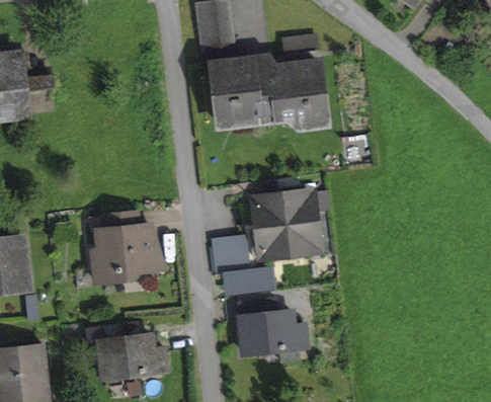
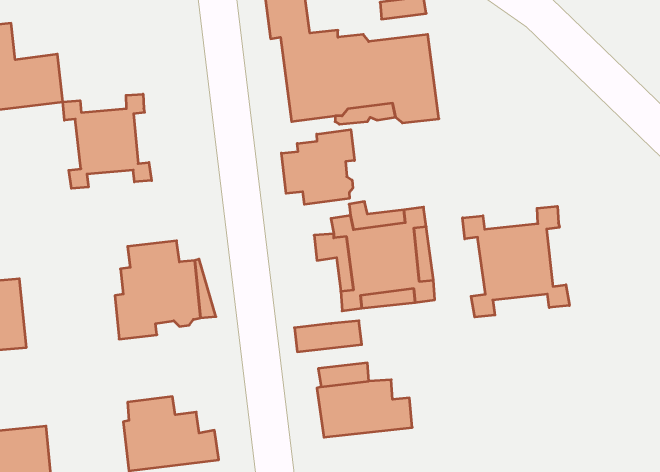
building: none -> [63,94,152,188]
building: none -> [281,130,354,204]
building: none -> [463,206,569,317]
building: [213,239,248,275] -> none

